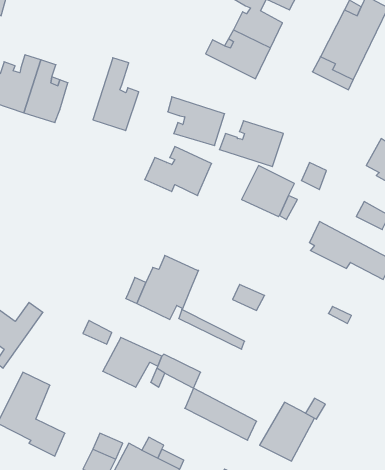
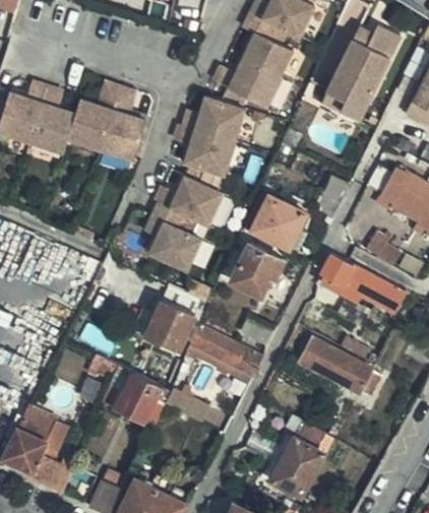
building: none -> [65,81,119,149]
building: [219,121,283,167] -> [179,97,244,143]
building: none -> [142,210,199,271]
building: none -> [230,243,283,294]
building: none -> [299,337,382,397]
building: [185,388,257,440] -> [189,322,262,375]

